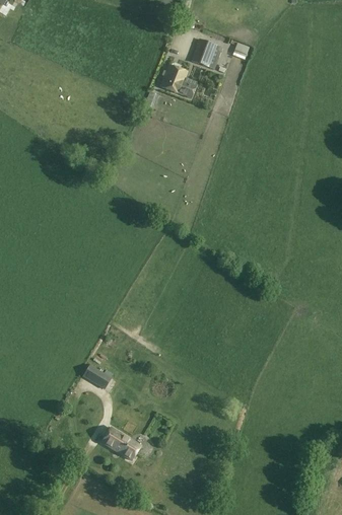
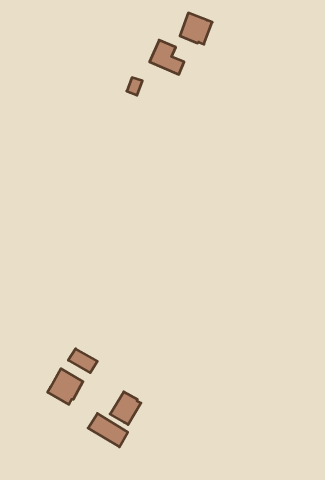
building: none -> [48,369,83,404]
building: none -> [110,392,141,425]

